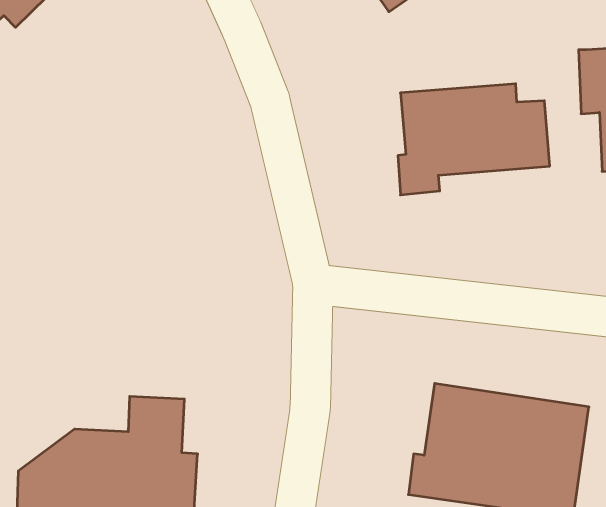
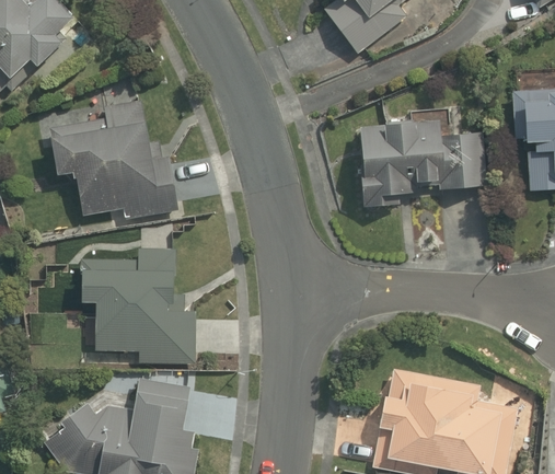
building: none -> [51,100,181,220]
building: none -> [77,247,193,363]

